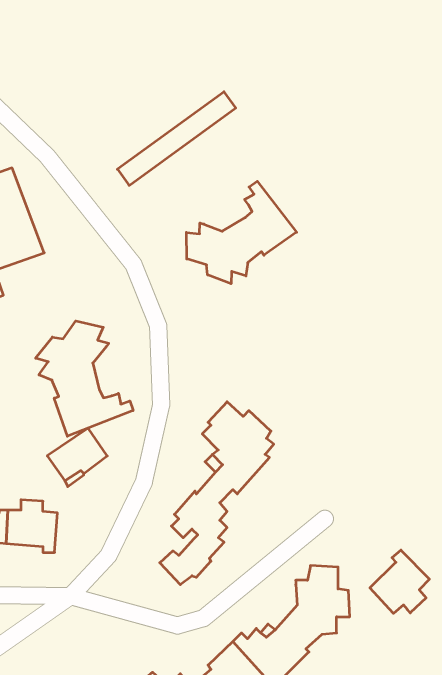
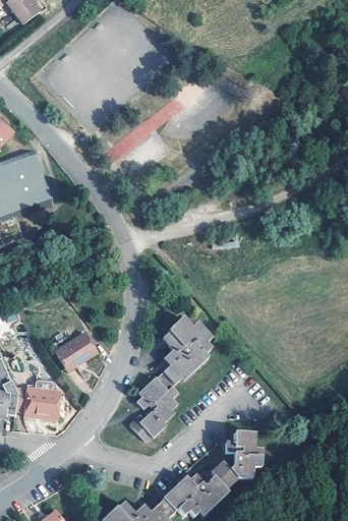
building: [186,181,297,284] -> none
building: [36,321,133,436] -> none
building: [370,550,429,613] -> none

